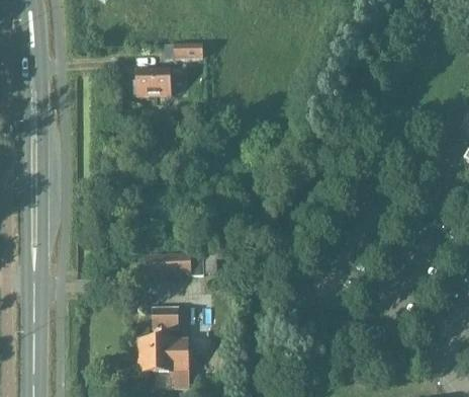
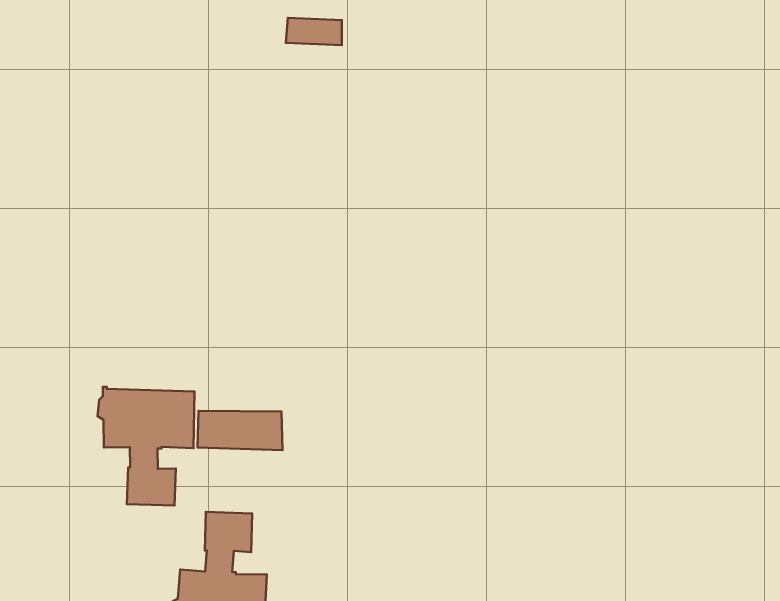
building: [133,68,182,95] -> none
building: none -> [97,387,194,505]

